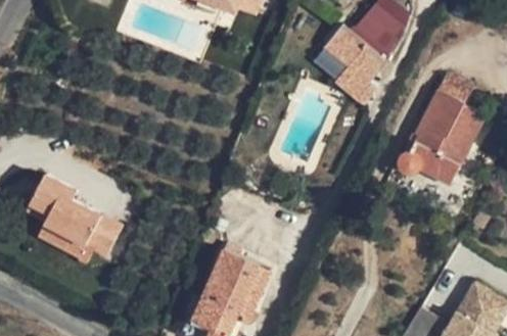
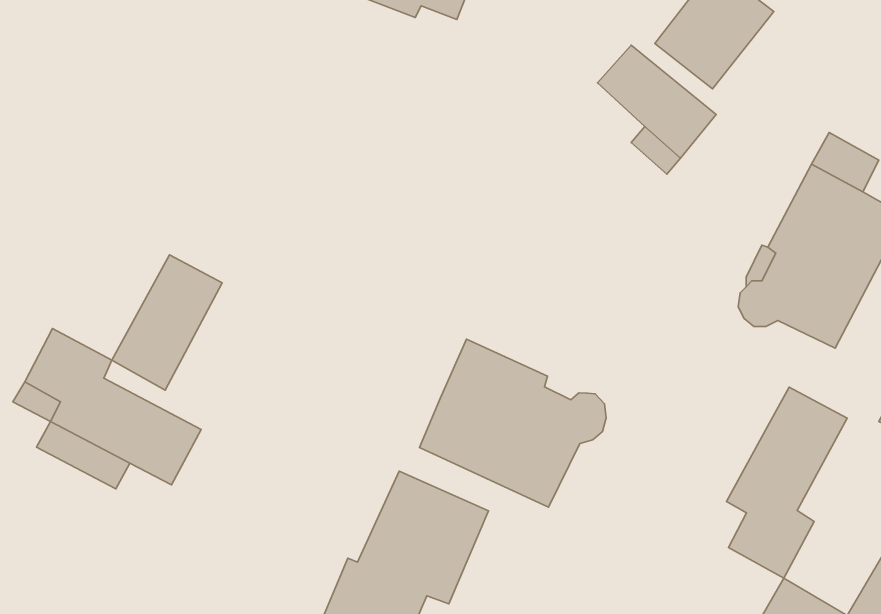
building: none -> [112,255,222,390]
building: none -> [420,339,606,507]
building: none -> [726,387,847,578]

